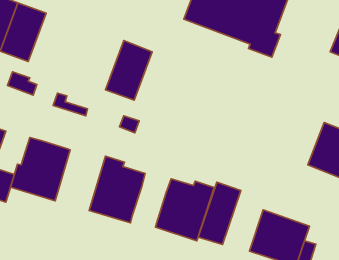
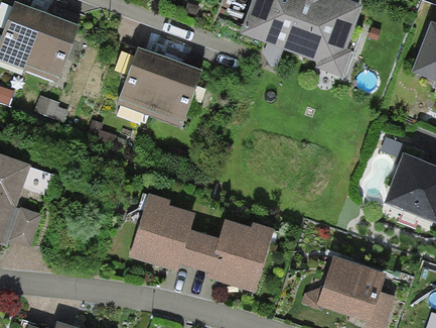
building: none -> [117,46,169,115]
building: [10,138,70,201] -> none
building: [198,182,241,245] -> none
building: none -> [179,228,219,271]

